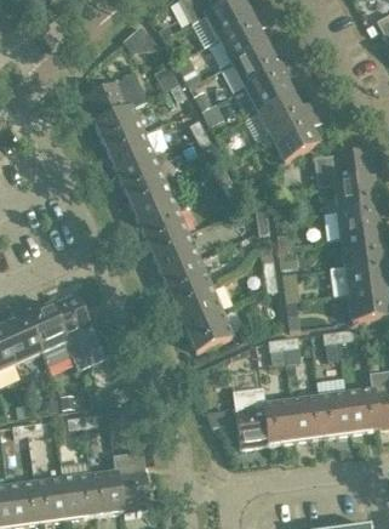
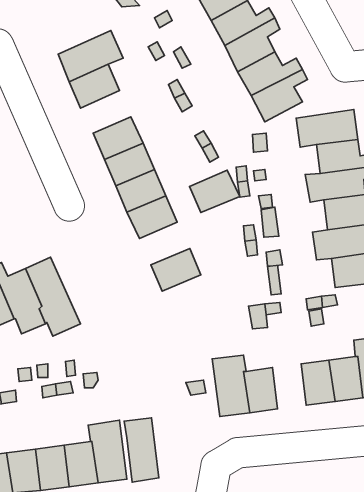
building: [105,131,154,172] -> none
building: [162,258,211,300] -> [190,170,240,213]
building: [184,309,234,352] -> none
building: [291,396,324,439] -> none
building: none -> [124,418,159,482]

